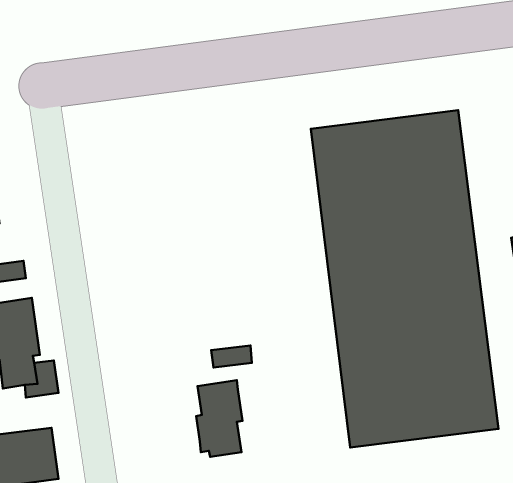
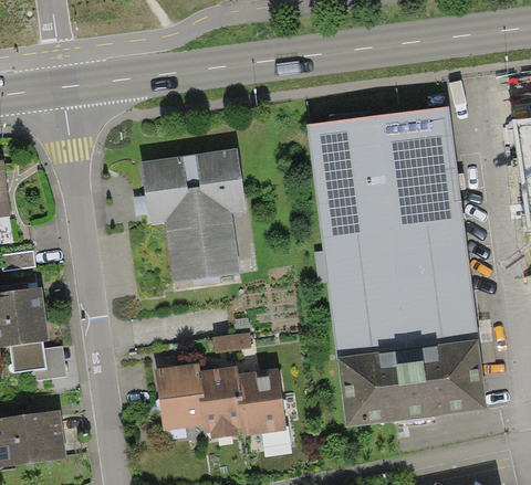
building: none -> [139,148,246,286]
building: none -> [154,362,204,429]
building: none -> [237,368,285,435]

